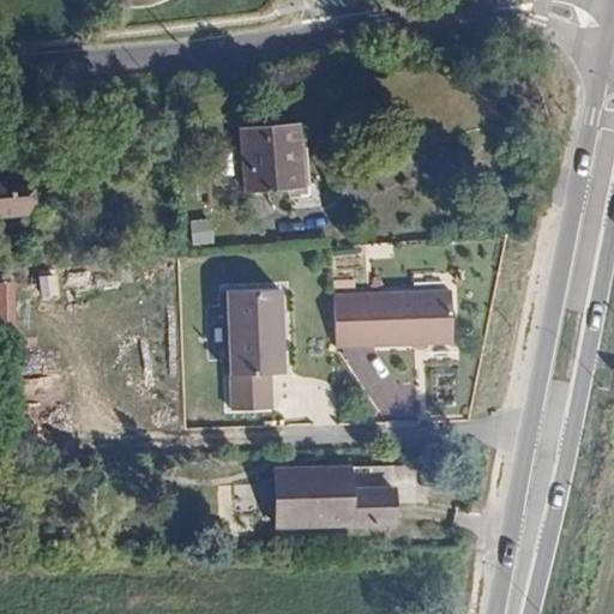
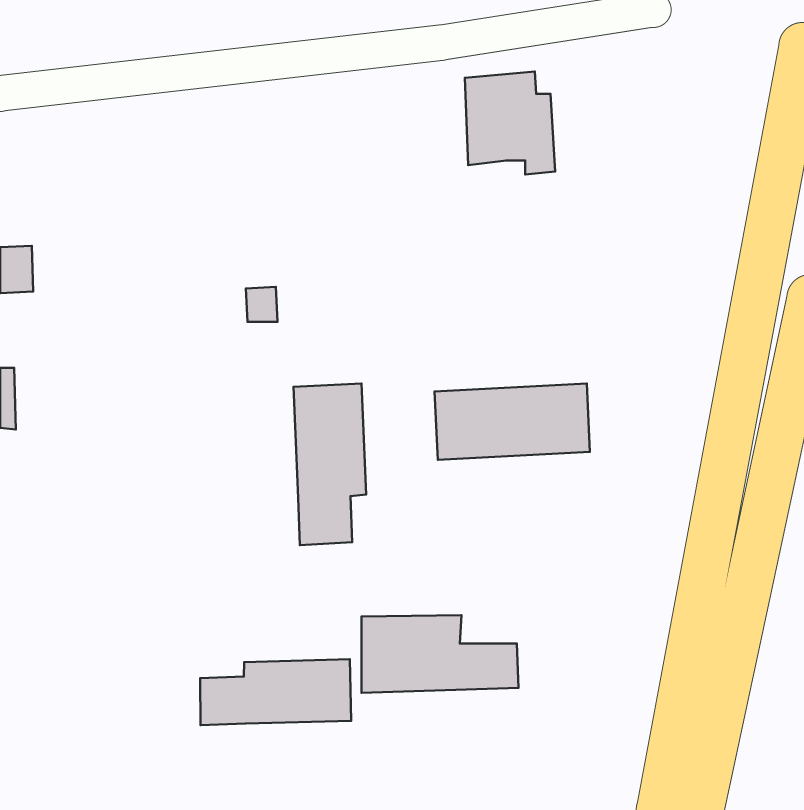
building: [245,122,313,200] -> [465,72,555,175]
building: none -> [200,659,351,725]

